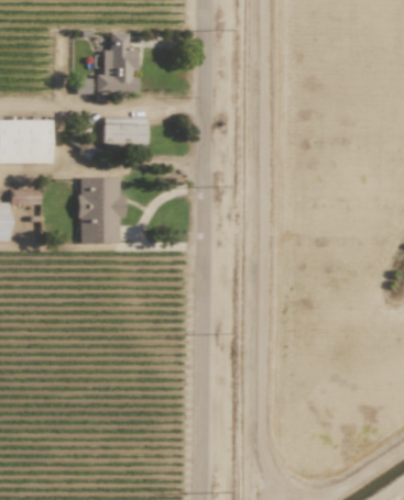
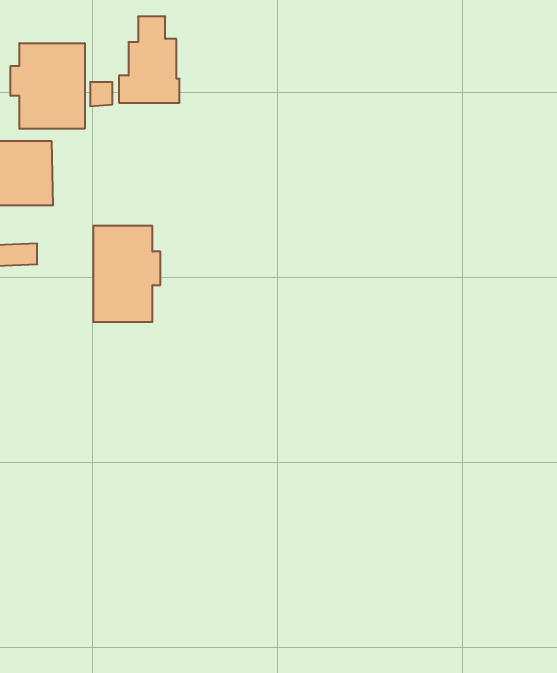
building: none -> [11,43,85,129]
building: [103,116,149,144] -> none

